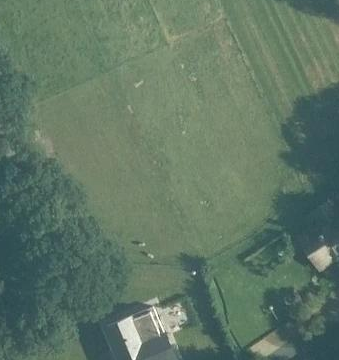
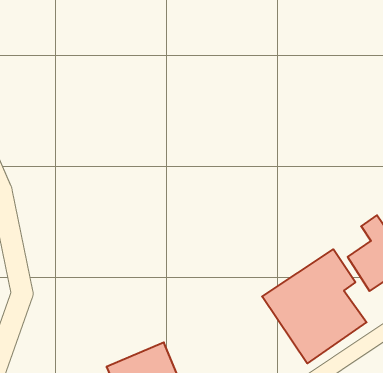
building: none -> [262,249,367,363]

